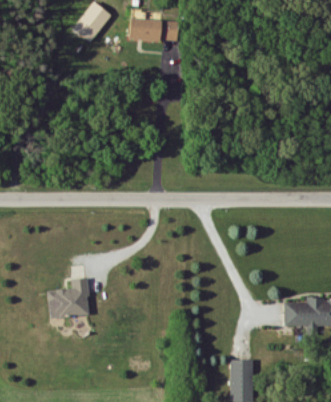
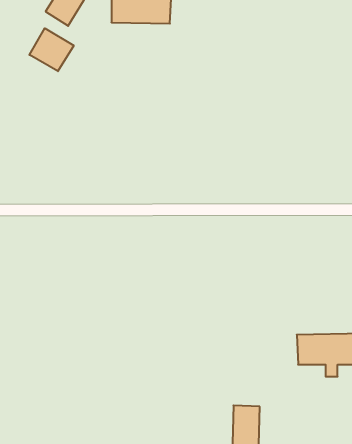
building: none -> [29,28,74,71]
building: [48,278,90,318] -> none

